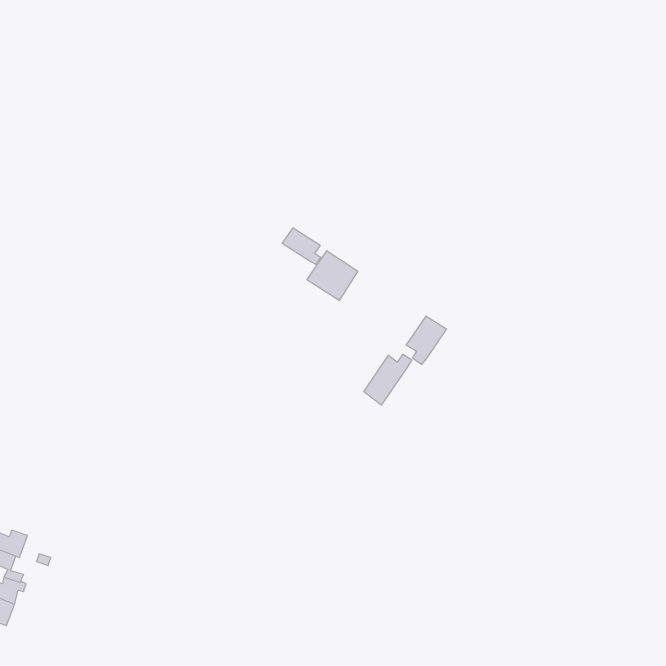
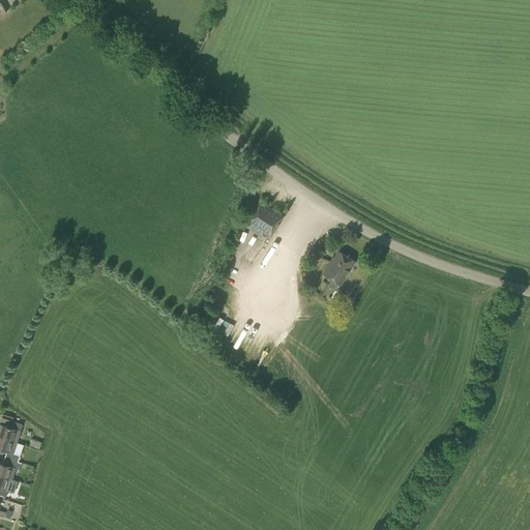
building: [282,228,320,265] -> none
building: [364,354,412,405] -> none

